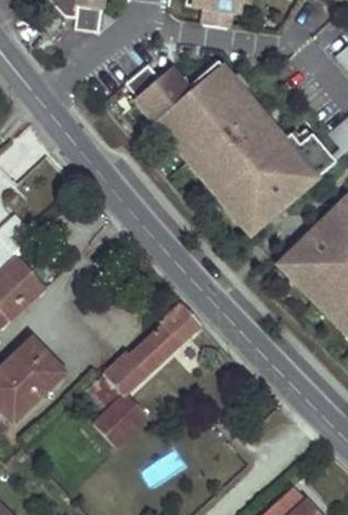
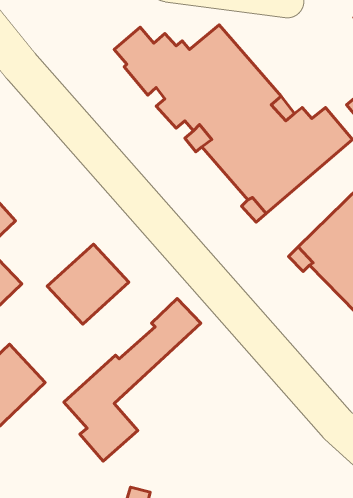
building: none -> [47,244,129,324]

